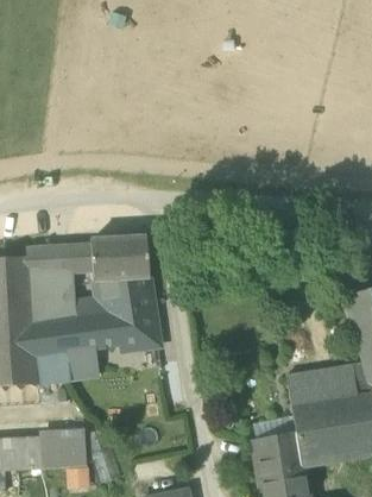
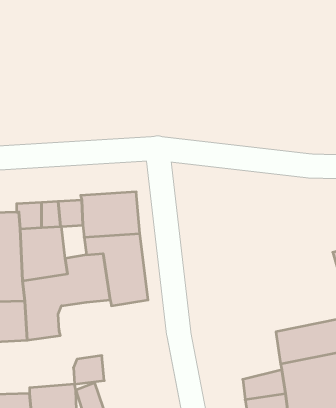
building: [68,346,99,375] -> [73,356,104,384]

